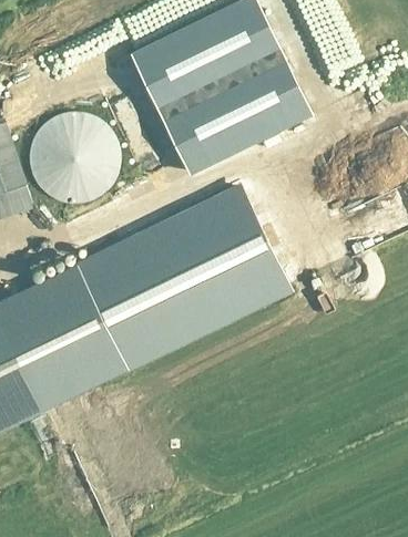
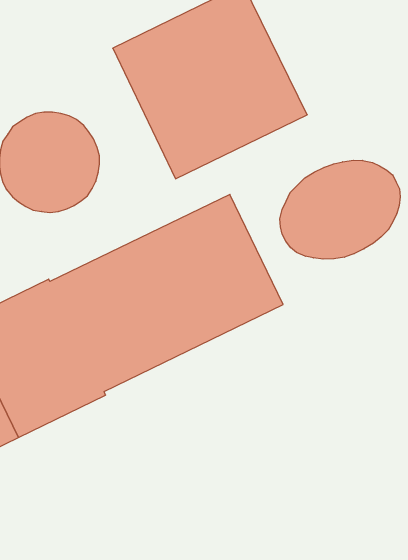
building: none -> [280,160,400,259]

